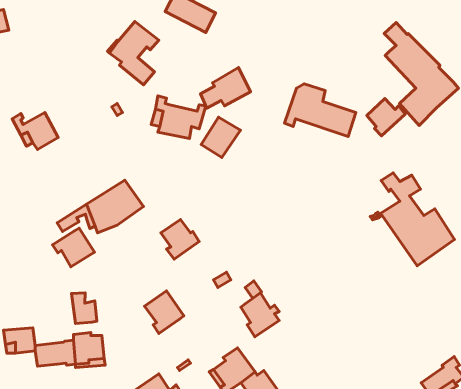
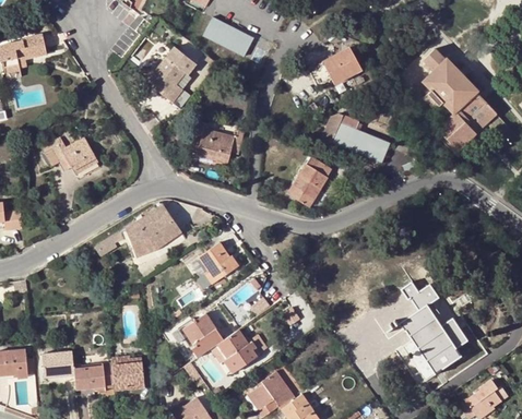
building: [200,68,251,108] -> [310,45,360,85]
building: [367,98,405,136] -> none
building: [201,117,240,158] -> [287,165,327,205]
building: [370,173,454,266] -> [389,282,473,374]
building: [52,228,94,267] -> none
building: [72,293,97,324] -> none
building: [241,293,279,337] -> [217,328,256,372]

